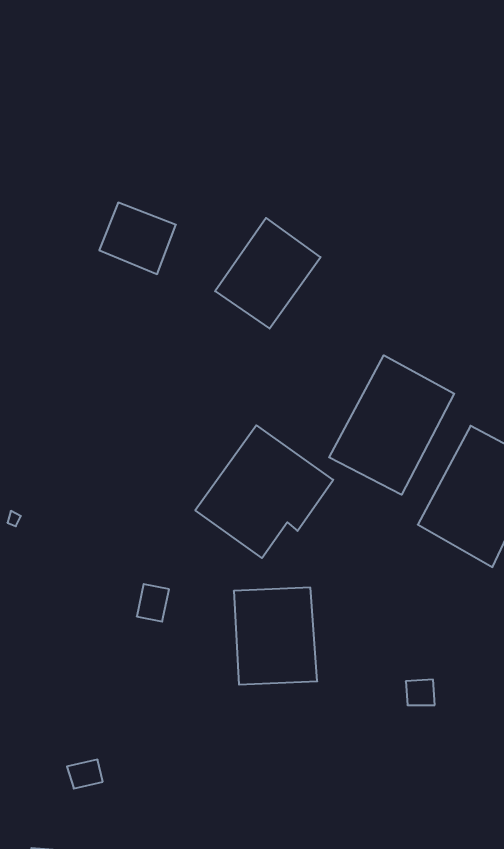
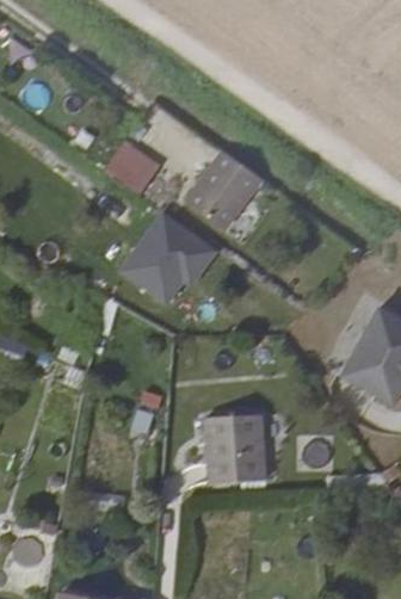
building: [329,355,454,495] -> none
building: [195,425,333,558] -> [125,218,222,311]

